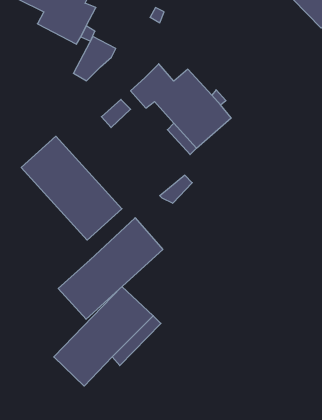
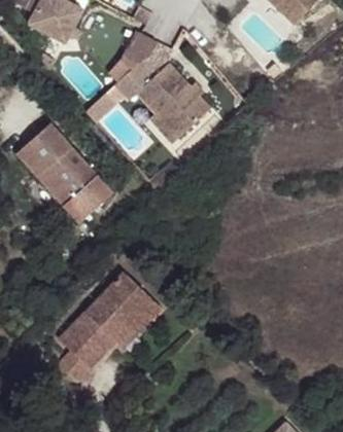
building: [73,36,116,81] -> [127,32,167,74]
building: [58,218,163,319] -> none

